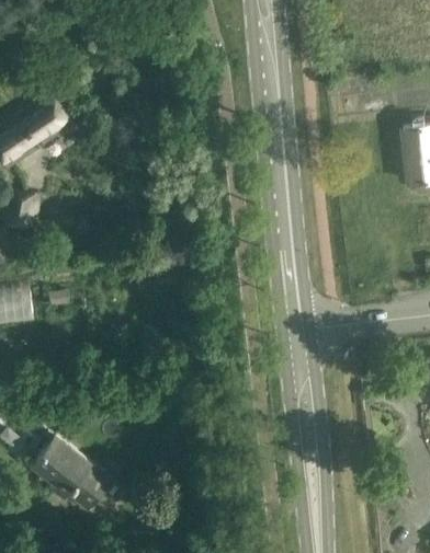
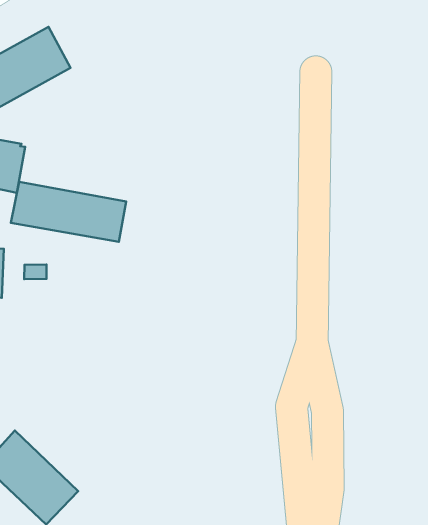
building: none -> [11,182,126,242]

